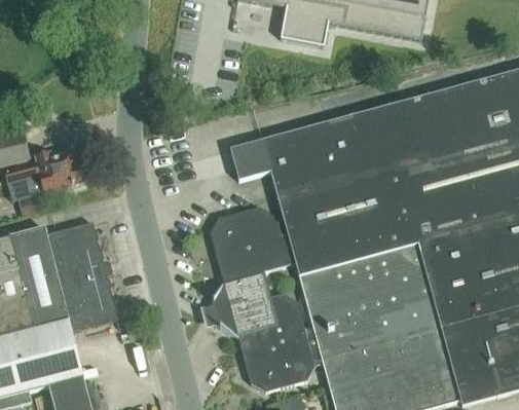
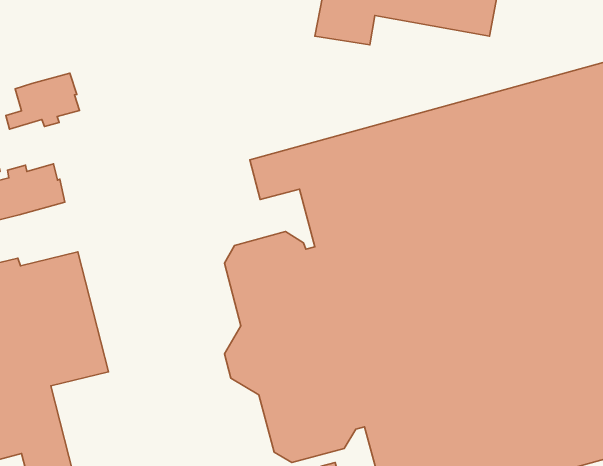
building: none -> [6,73,79,129]

